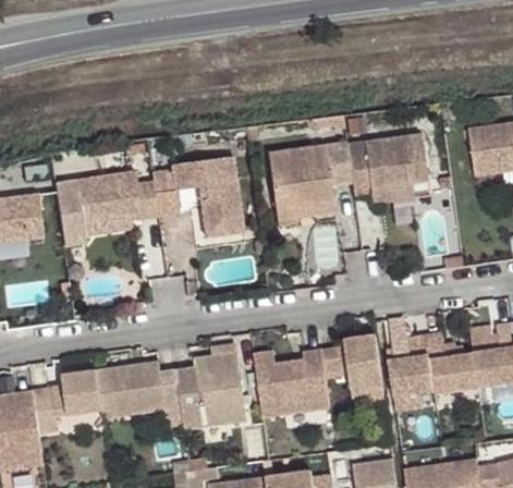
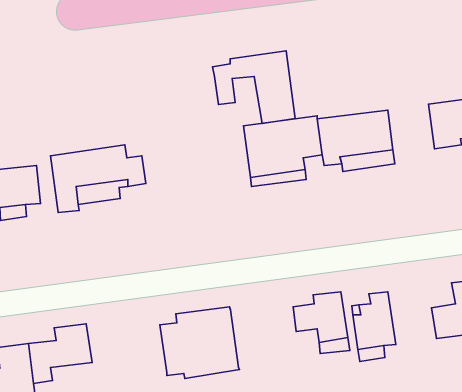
building: [154,156,244,235] -> [212,51,295,123]
building: [425,332,478,391] -> none
building: [253,350,329,416] -> none
building: [95,362,183,424] -> none

